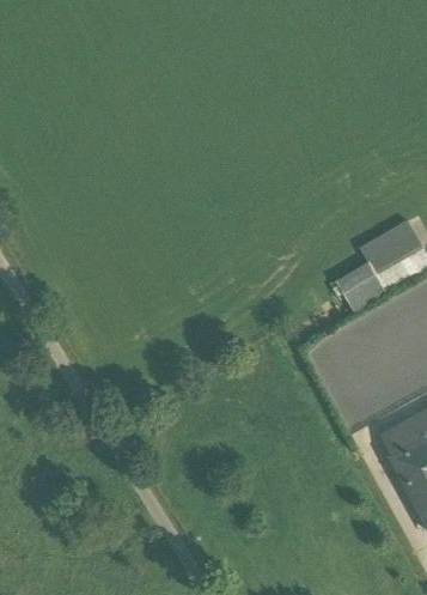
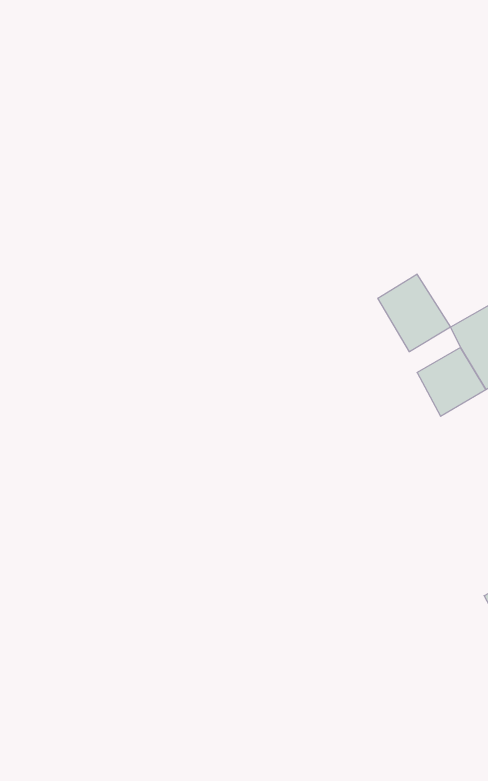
building: none -> [378,274,451,352]

